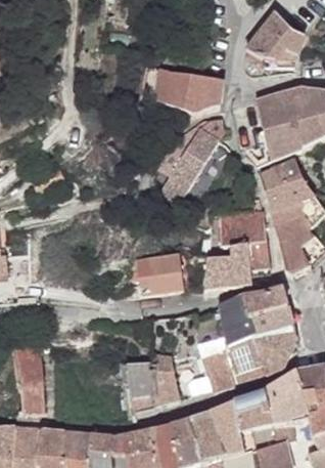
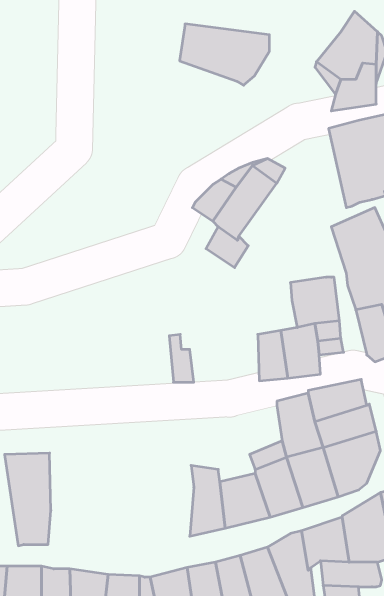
building: [151,69,219,115] -> [180,24,269,85]
building: [145,252,183,290] -> none
building: [130,369,155,411] -> none

